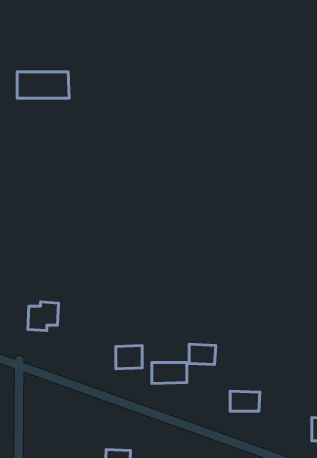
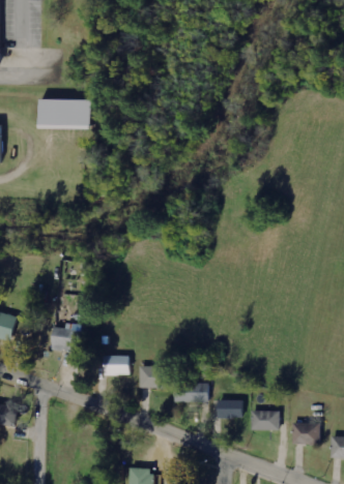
building: none -> [105,354,131,374]
building: [189,344,216,364] -> [218,398,243,418]
building: none -> [292,422,319,444]

